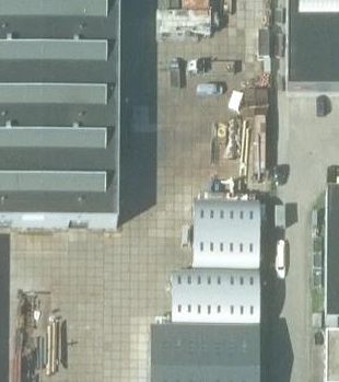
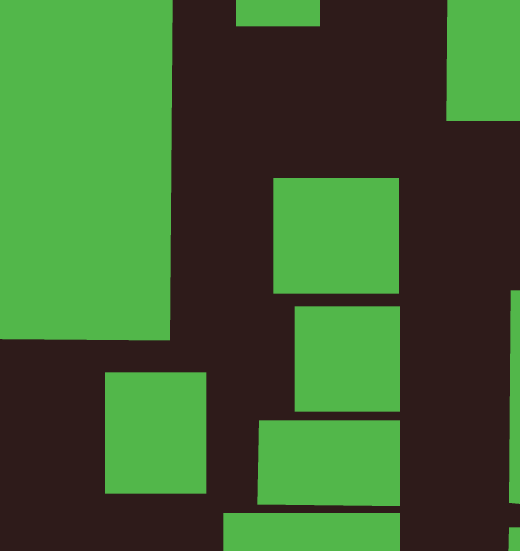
building: none -> [272,177,400,295]
building: none -> [104,372,207,494]

